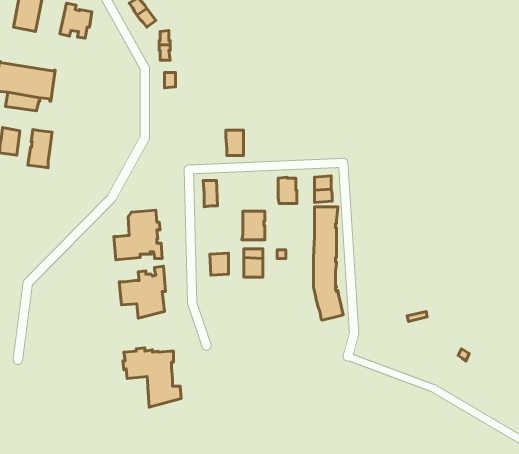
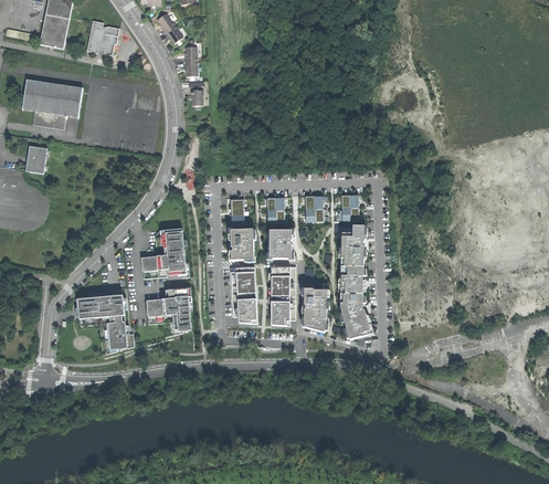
building: [28,130,52,168] -> none
building: [226,130,243,155] -> [266,197,284,222]
building: none -> [230,228,254,260]
building: none -> [304,287,327,332]
building: none -> [237,298,257,323]
building: none -> [271,301,289,325]
building: [123,348,181,407] -> [75,294,134,354]

